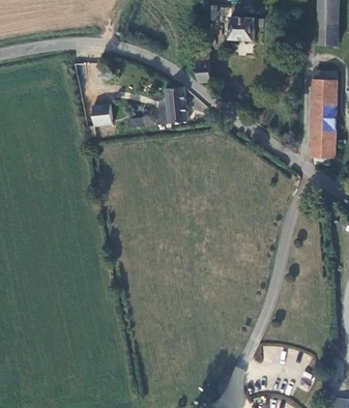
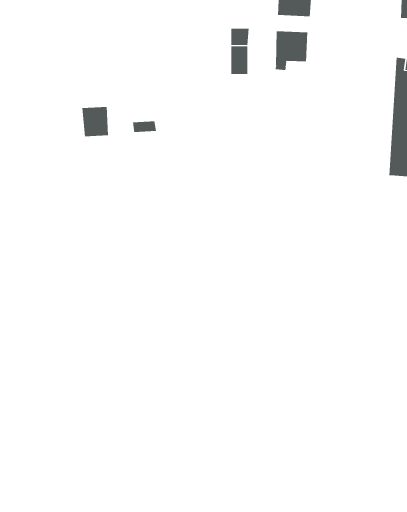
building: none -> [275,30,308,71]
building: [165,89,185,125] -> none

